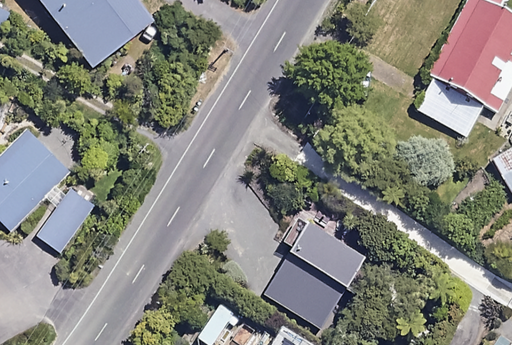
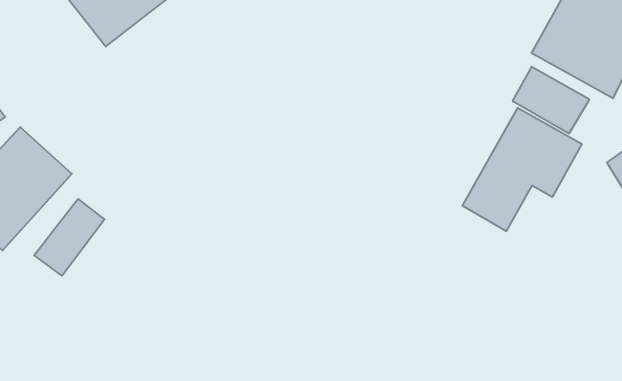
building: none -> [463,108,582,231]
building: [265,227,360,326] -> none

